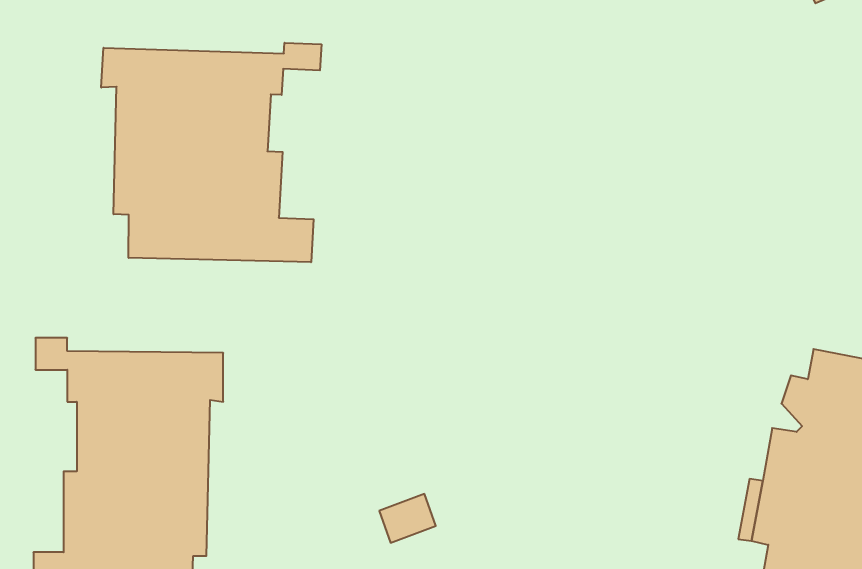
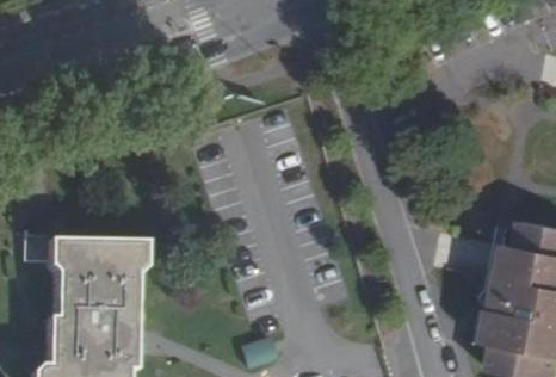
building: [101,43,321,262] -> none

